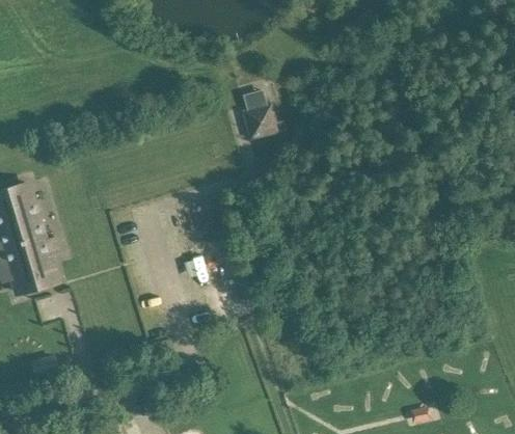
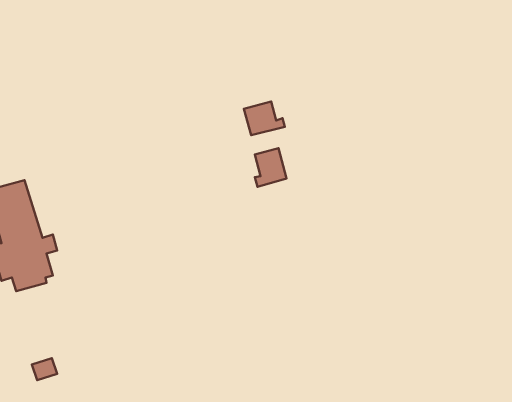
building: none -> [255,148,287,187]

